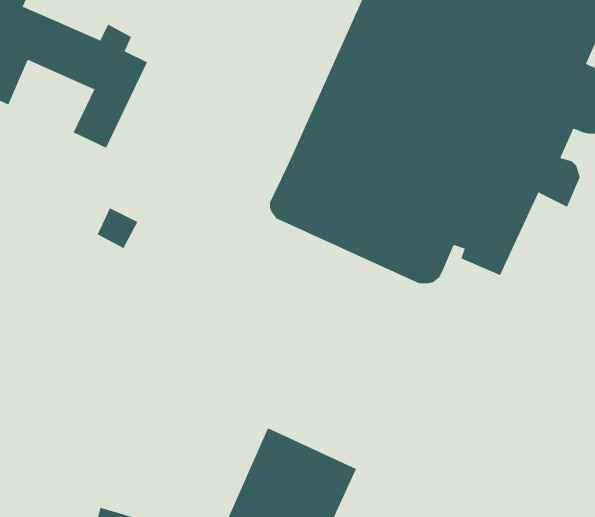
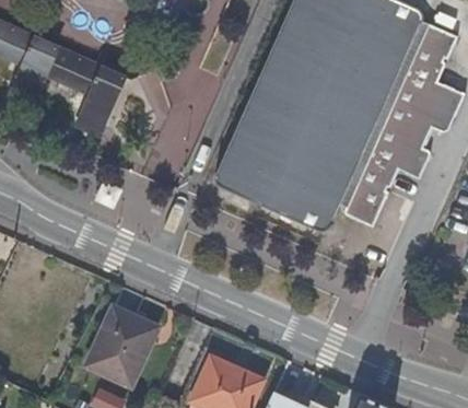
building: none -> [86,304,157,384]

